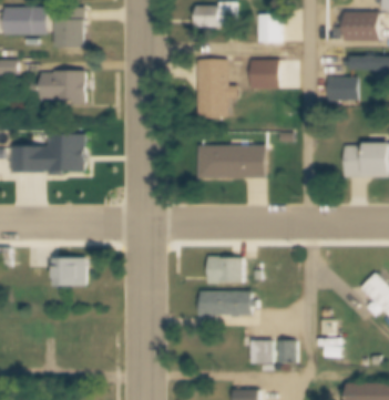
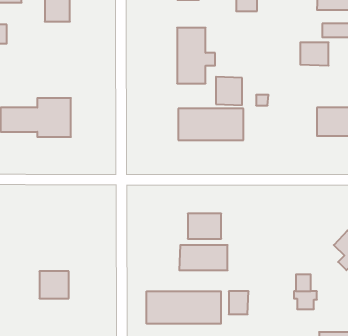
building: [248,60,276,90] -> [216,77,242,105]
building: [41,71,84,104] -> none
building: [53,258,84,287] -> [39,271,69,298]
building: [277,338,296,362] -> none
building: none -> [147,291,221,324]

